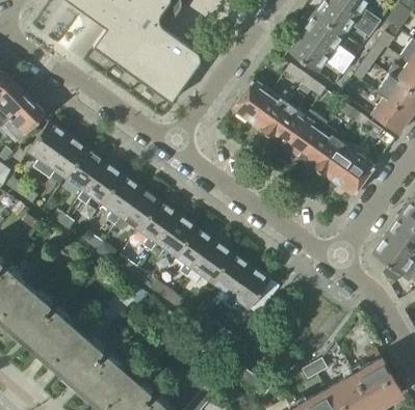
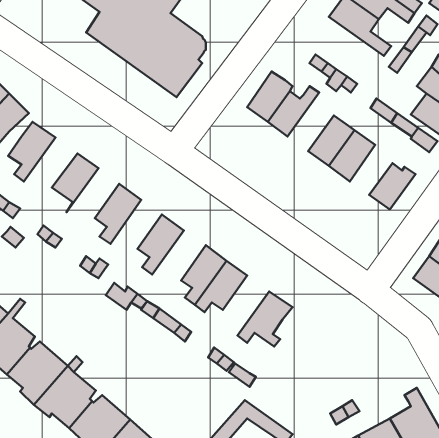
building: [288,32,348,74] -> none
building: [266,104,306,146] -> none
building: [42,135,87,179] -> none
building: [319,141,360,184] -> none
building: [78,161,123,204] -> none
building: [115,188,159,230] -> none
building: [151,214,197,257] -> none
building: [211,252,251,303] -> none

